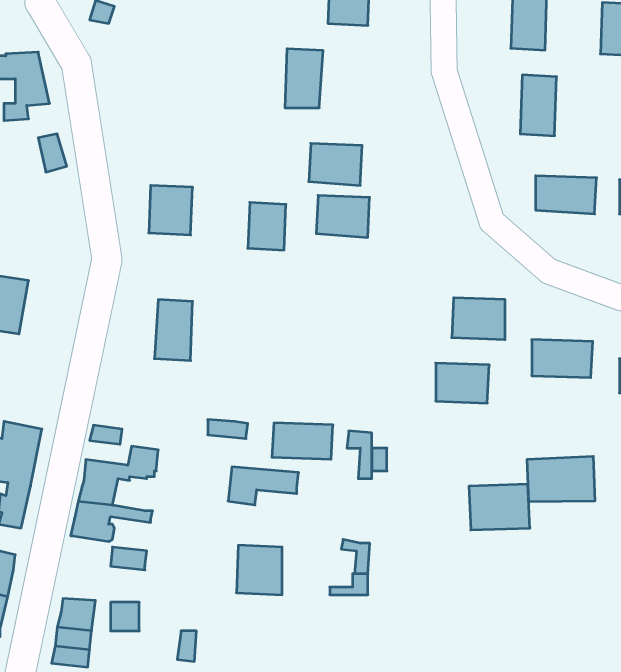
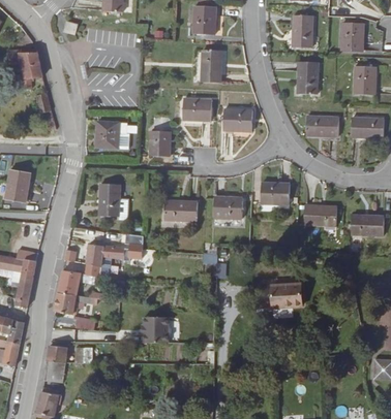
building: [285,49,323,108] -> [202,50,222,82]
building: [316,195,370,237] -> [223,108,252,131]
building: [436,363,489,403] -> [214,196,243,218]
building: [272,423,333,459] -> [164,200,198,220]
building: [527,456,595,502] -> none
building: [228,467,299,505] -> [87,244,125,264]

